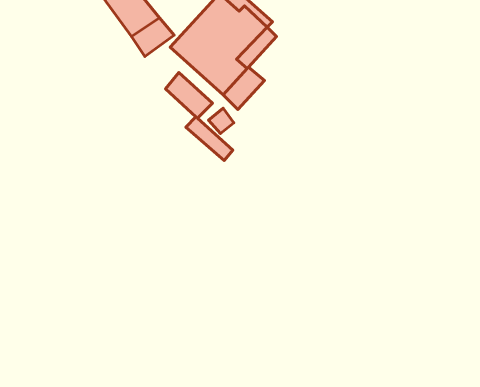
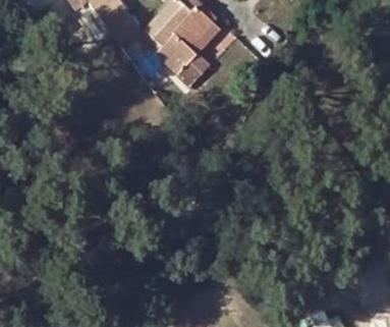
building: [165,73,233,160] -> none

